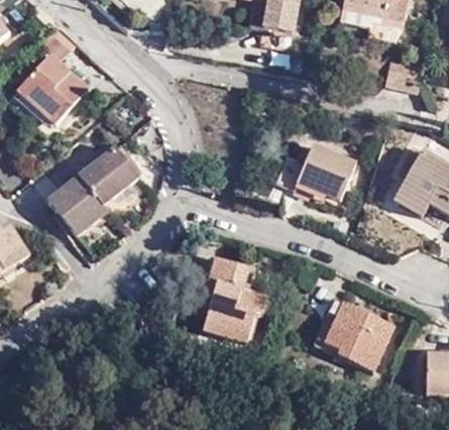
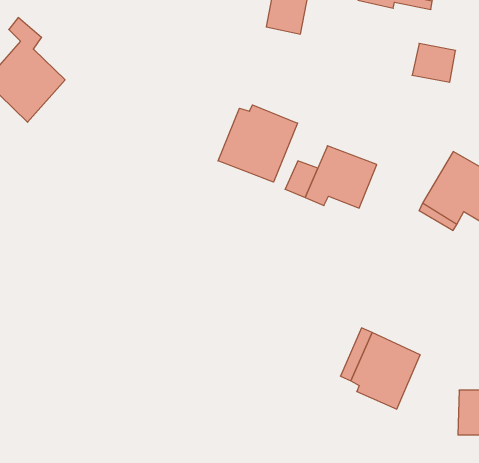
building: none -> [218,105,298,182]
building: [49,147,139,235] -> none
building: [204,257,265,340] -> none

